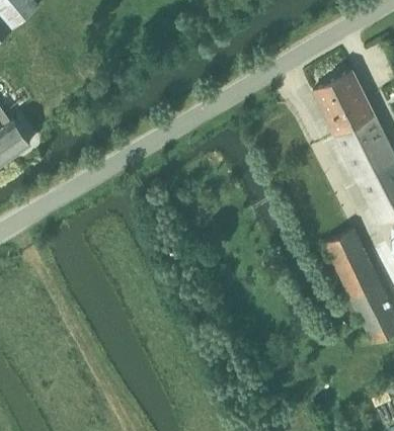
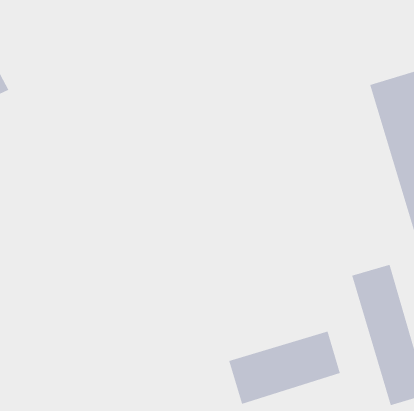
building: none -> [228,331,341,405]

